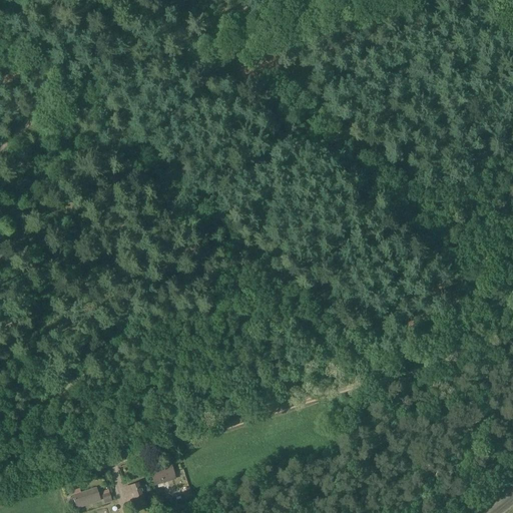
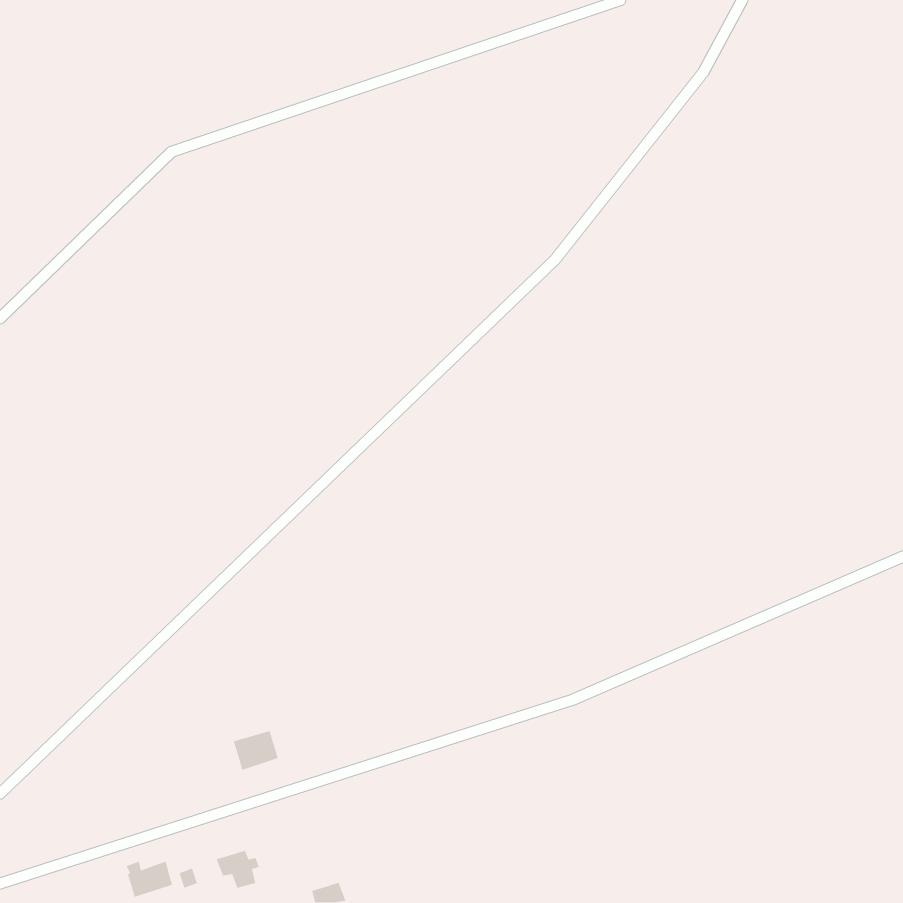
building: [149,462,175,485] -> [233,730,279,771]

